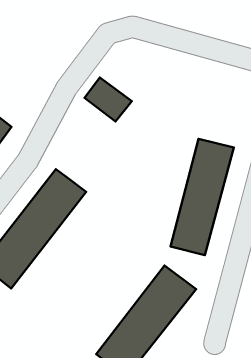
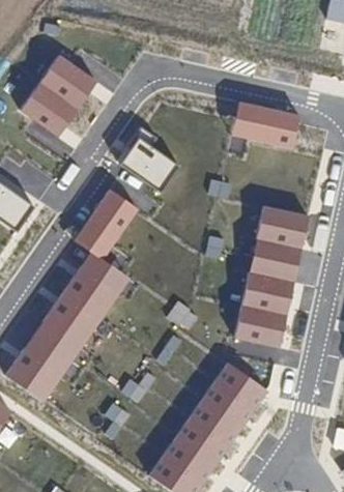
building: none -> [21,54,96,134]
building: none -> [230,100,299,149]
building: none -> [74,187,139,260]

